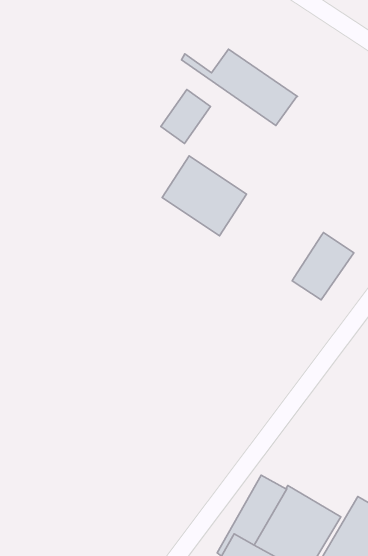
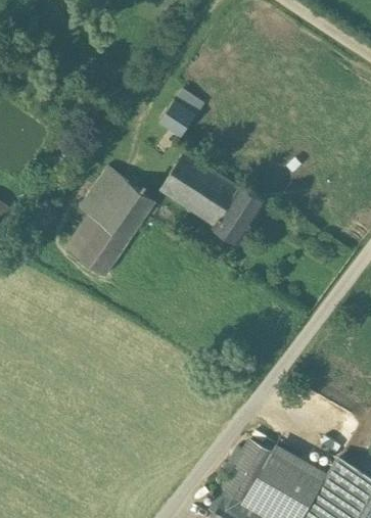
building: [181,49,298,126] -> none
building: none -> [67,167,156,273]
building: [292,232,354,300] -> [210,182,266,243]

